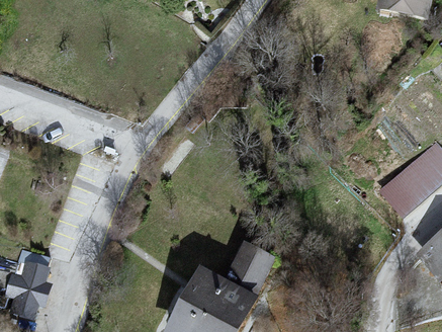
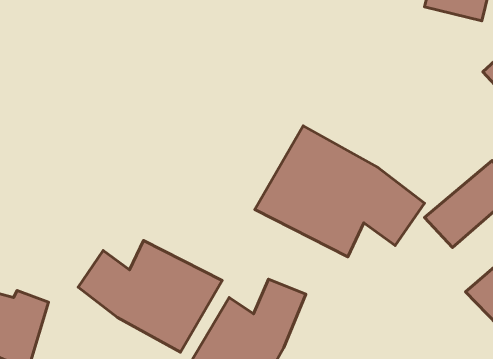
building: none -> [255,126,424,257]
building: none -> [78,240,222,352]

